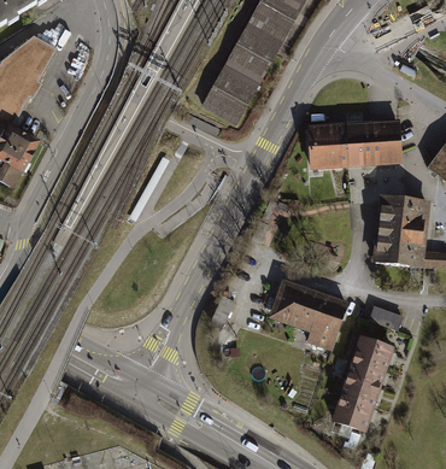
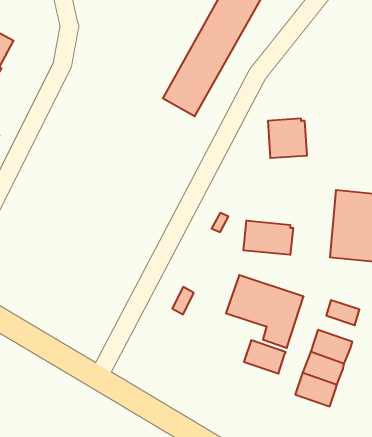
building: [347,122,401,159] -> none
building: none -> [243,220,293,255]
building: [330,400,372,434] -> [244,340,286,374]

